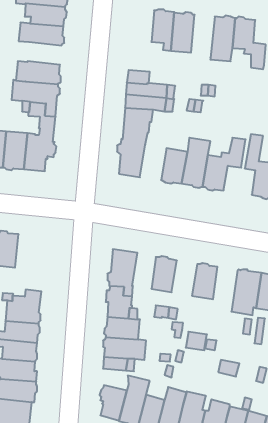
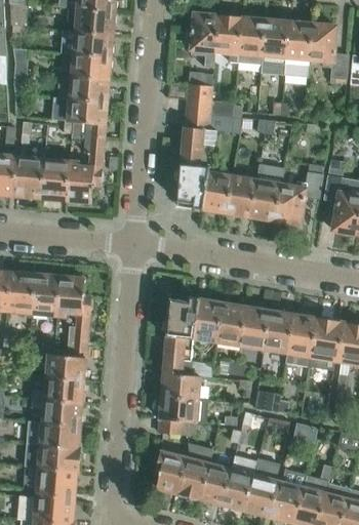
building: none -> [187,13,217,68]
building: none -> [261,17,288,70]
building: none -> [70,51,112,78]
building: none -> [201,171,232,213]
building: none -> [55,276,92,342]
building: none -> [192,297,220,339]
building: none -> [238,307,268,348]
building: none -> [285,314,315,366]

